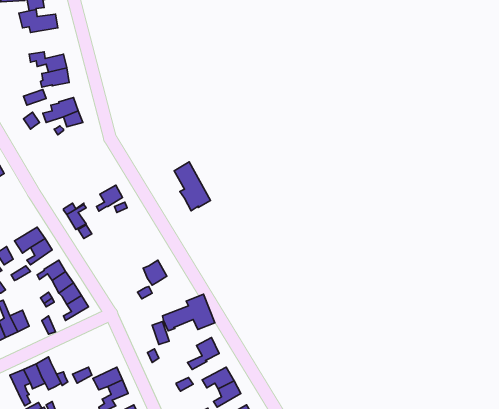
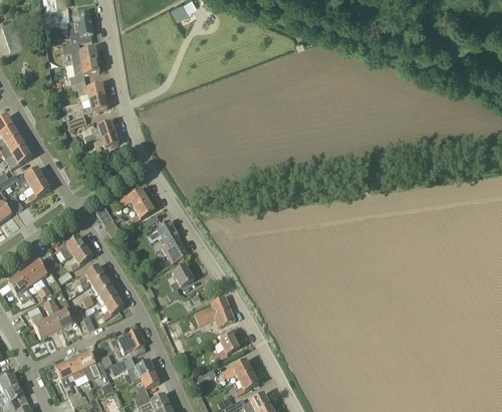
building: none -> [70,59,99,82]
building: [174,162,211,211] -> [156,219,188,262]
building: none -> [114,187,148,206]
building: none -> [116,328,146,358]

